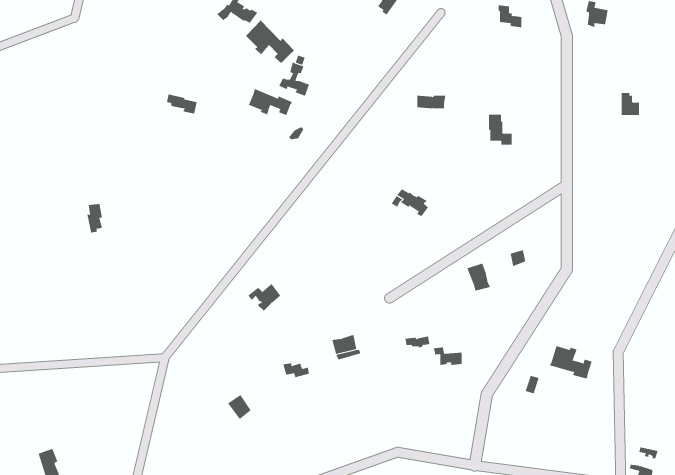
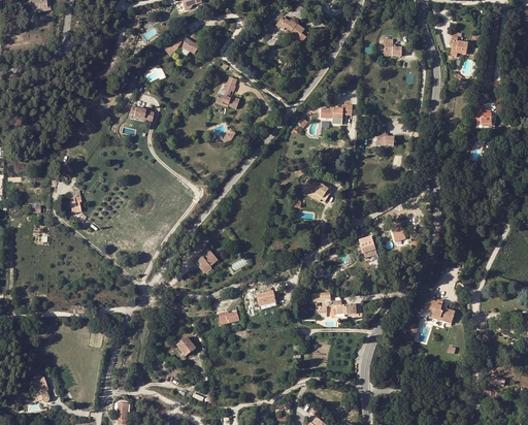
building: [245,19,295,64] -> none
building: [248,88,292,116] -> none

